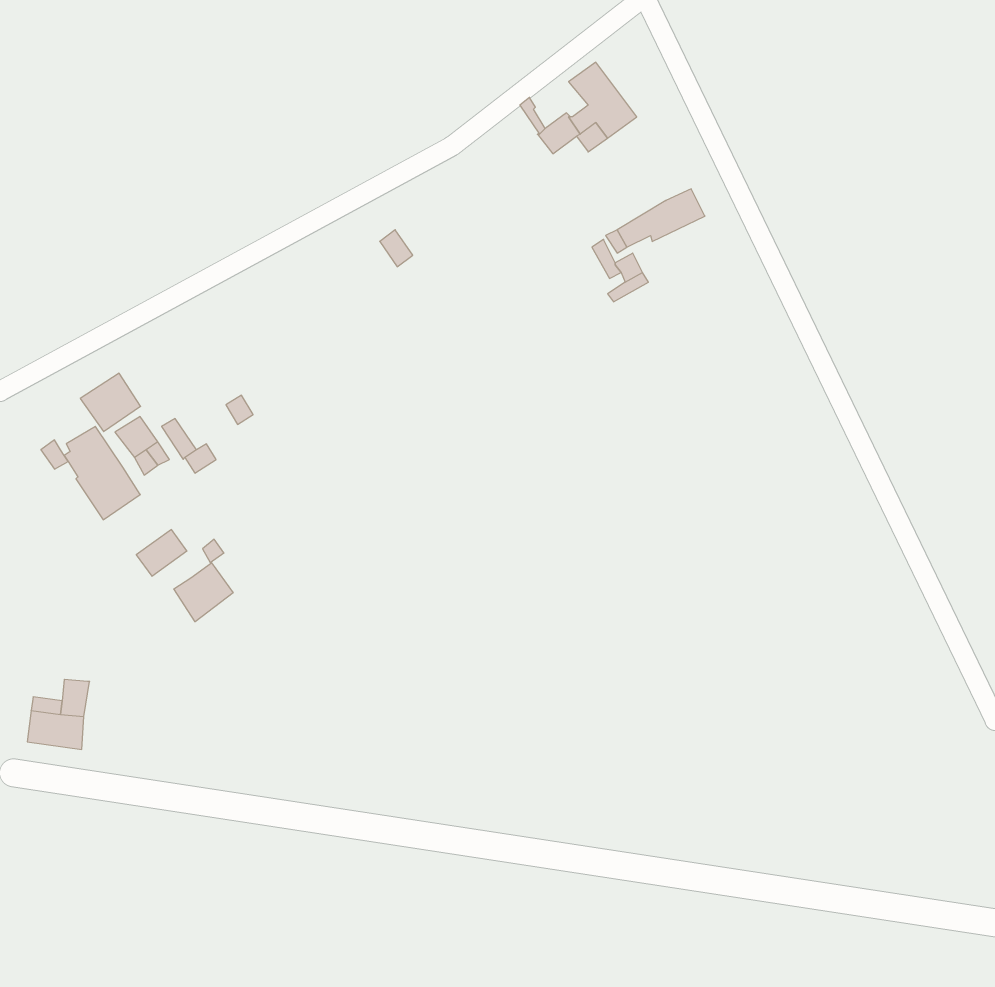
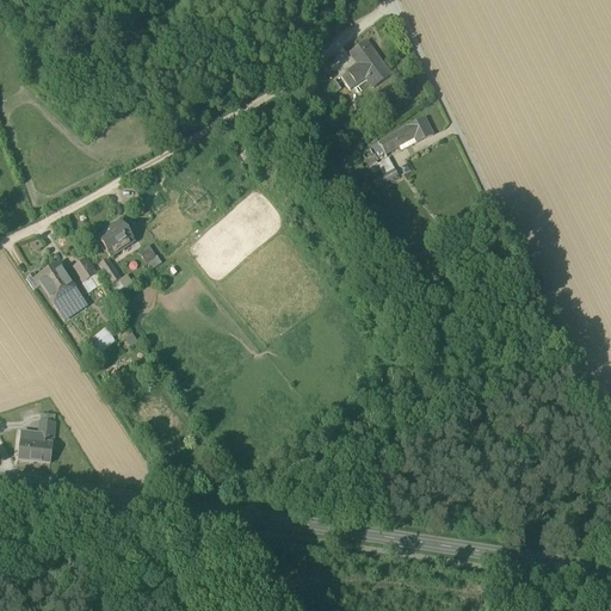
building: [80,373,141,432] -> [97,218,134,254]
building: [174,563,233,622] -> none

